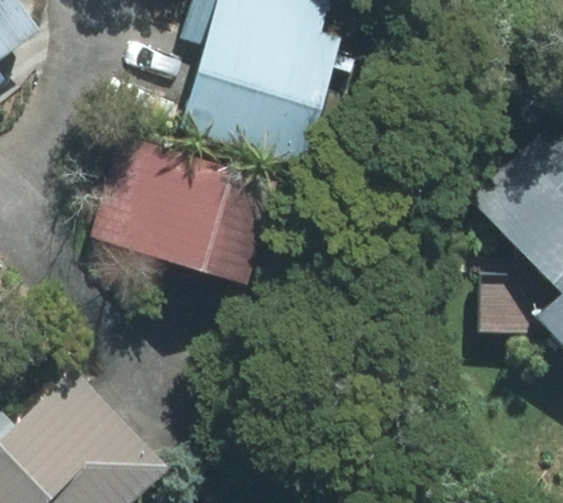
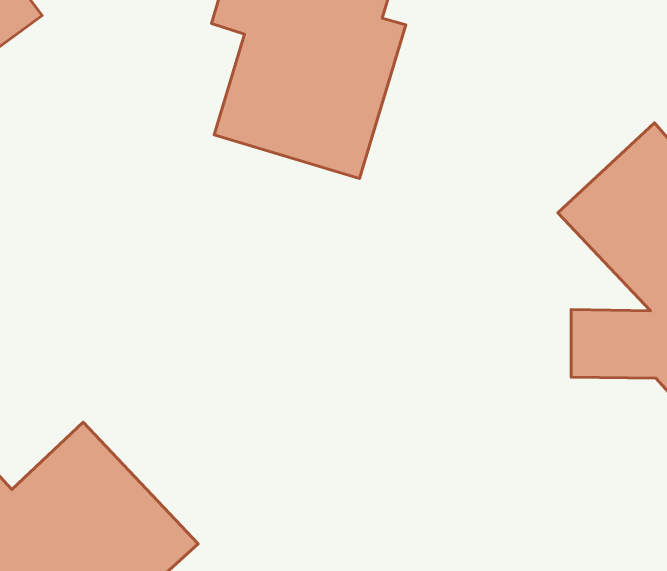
building: [89,135,286,287] -> none

